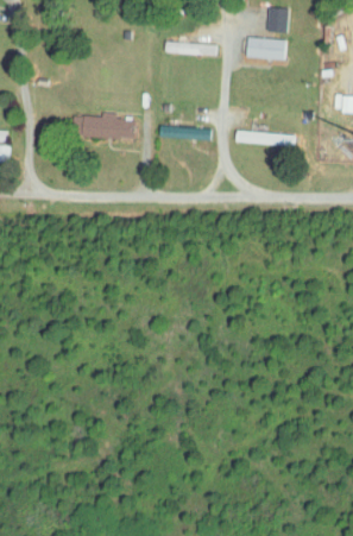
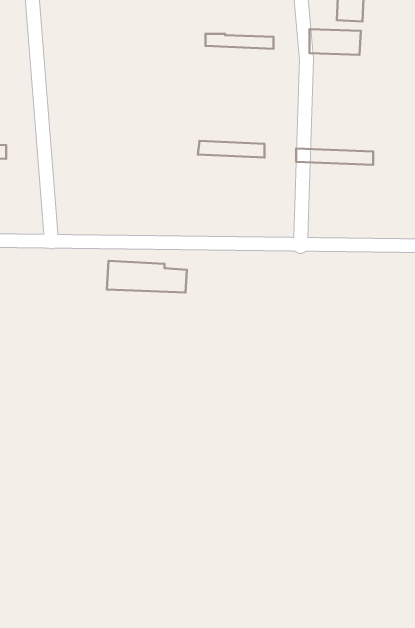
building: [71,113,134,138] -> [107,261,187,292]

